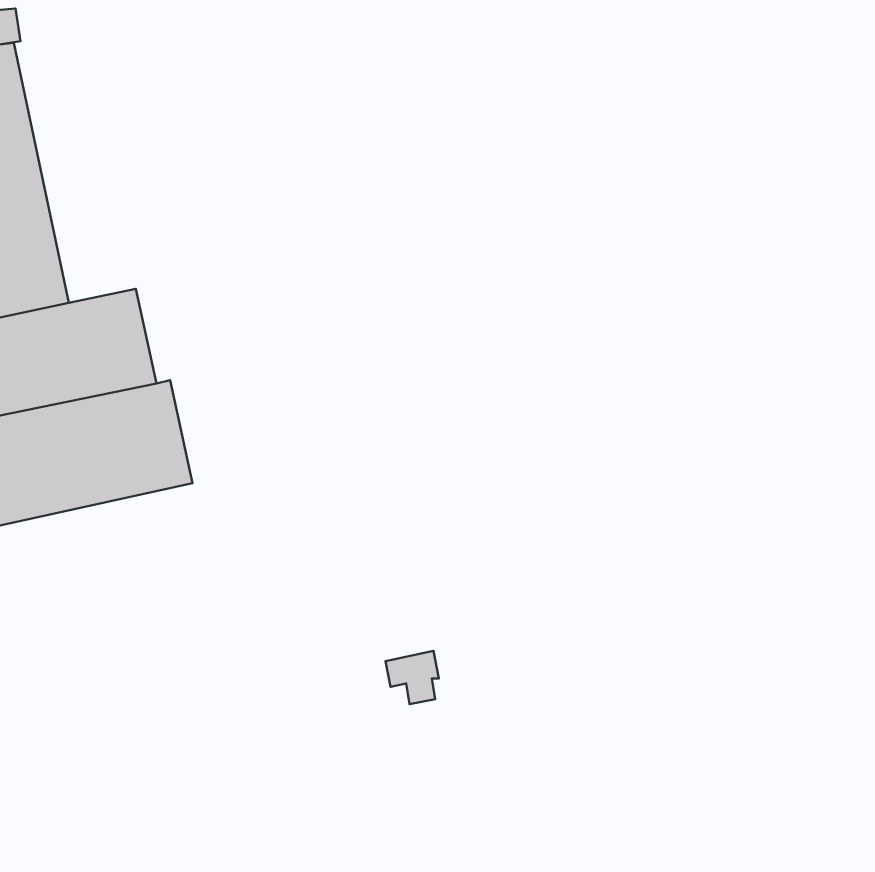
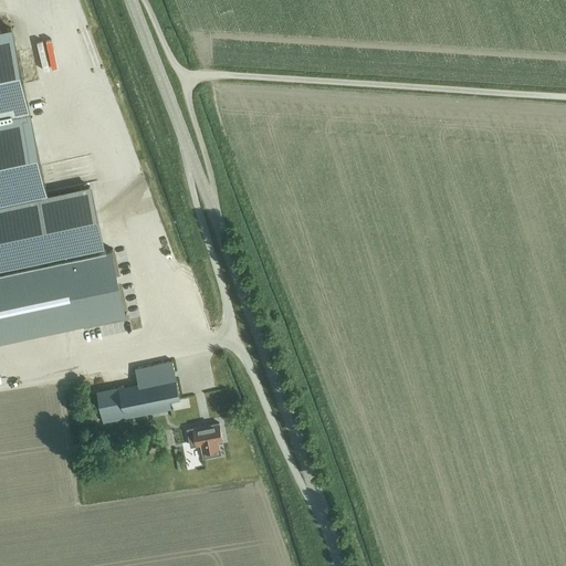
building: none -> [94,369,177,426]
building: [385,651,439,704] -> [186,427,220,461]

